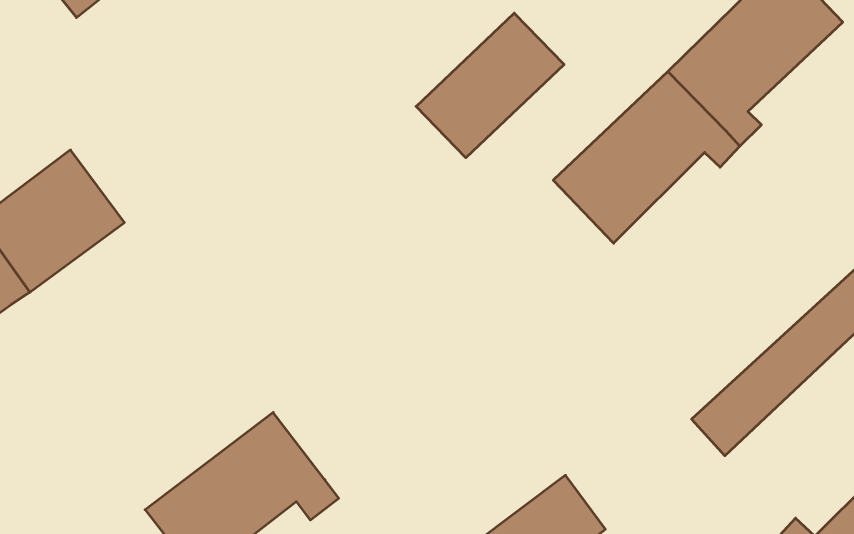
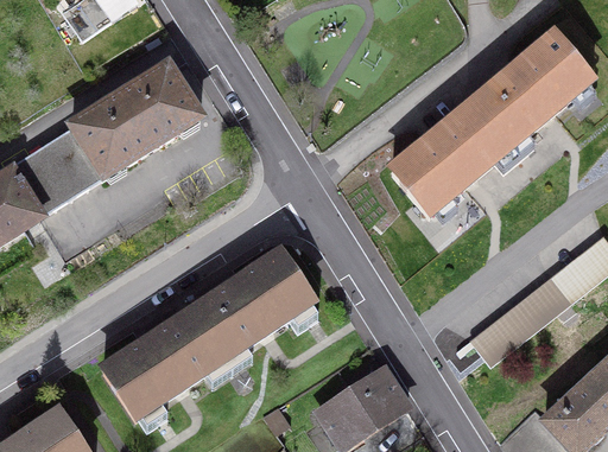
building: [416,13,564,158] -> none
building: none -> [72,64,201,174]
building: none -> [194,249,318,369]

